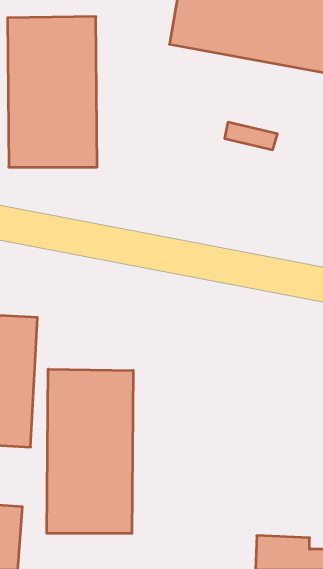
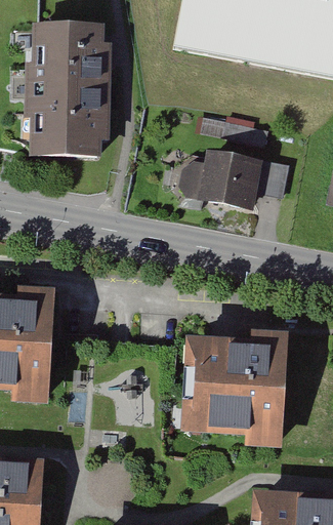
building: none -> [178,152,289,210]
building: none -> [186,328,289,443]
building: [47,369,133,533] -> none

